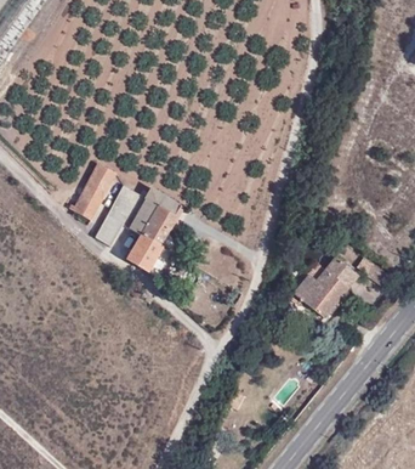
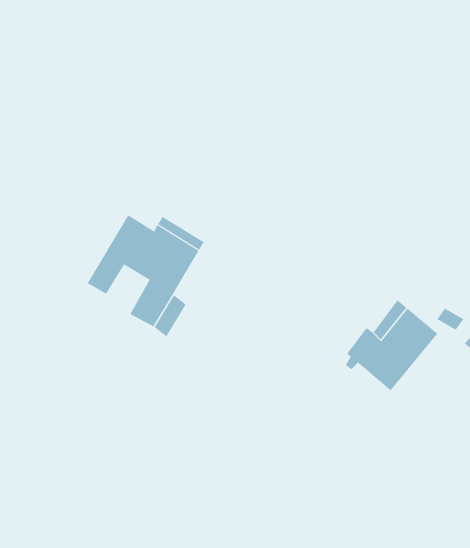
building: [70,163,114,220] -> none

